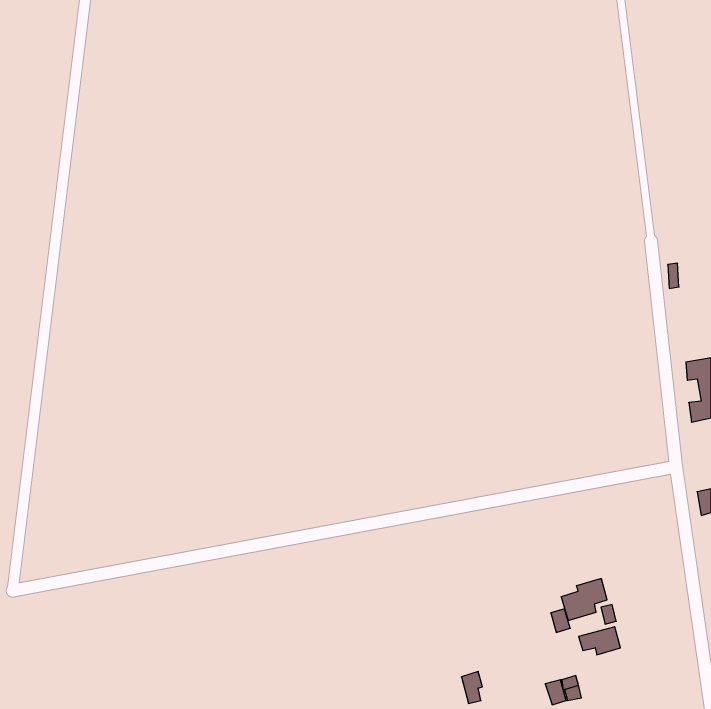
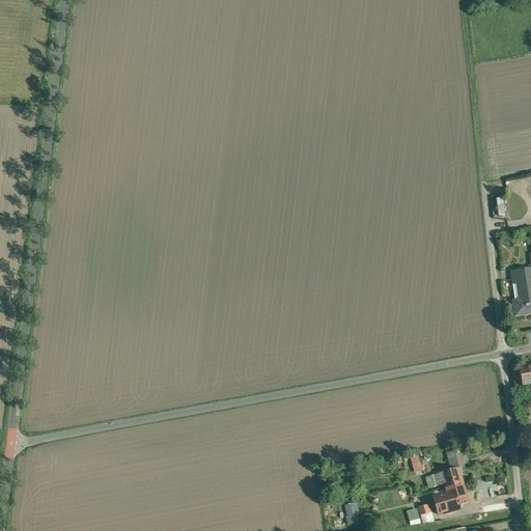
building: [561,579,607,621] -> [432,482,467,513]

